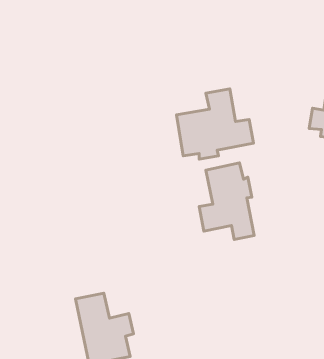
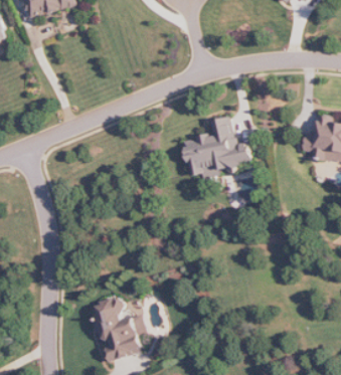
building: [199,163,254,239] -> none

